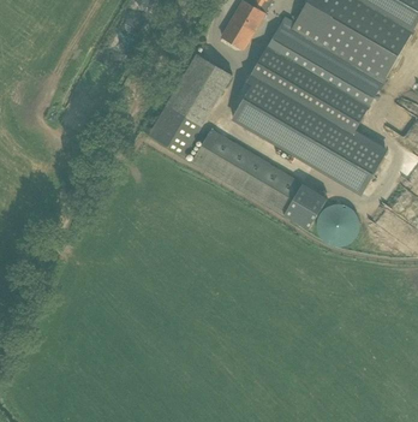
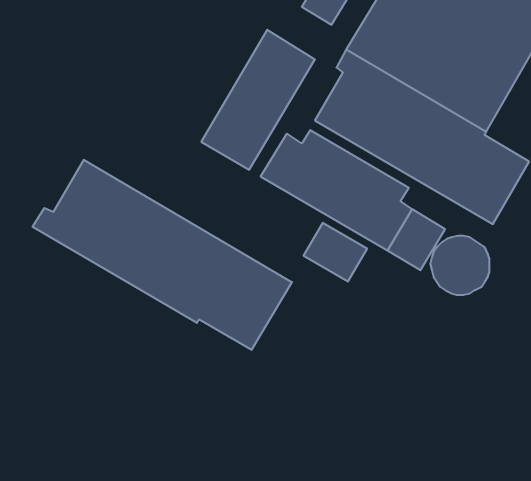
building: none -> [33,160,292,350]
building: none -> [304,223,367,282]

